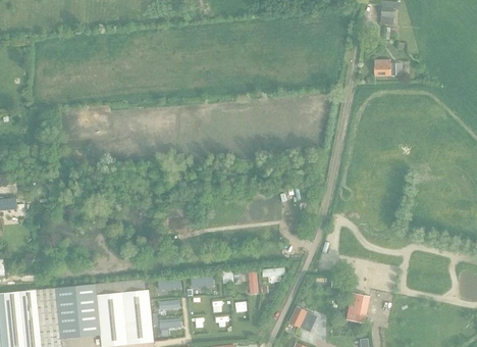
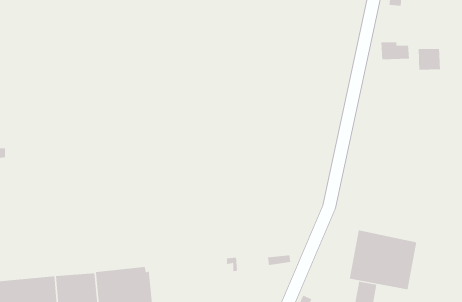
building: none -> [418,48,440,70]
building: none -> [349,230,417,290]

